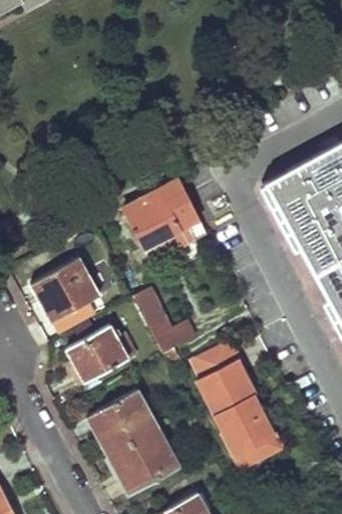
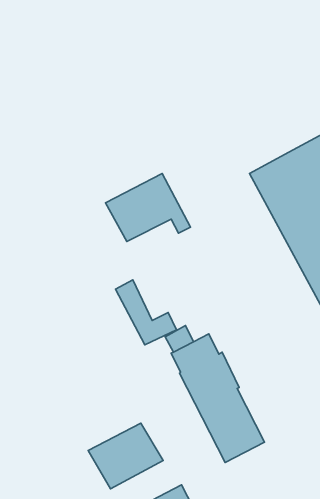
building: [29,258,98,323] -> none
building: [65,326,136,384] -> none
building: [86,390,158,457] -> none

